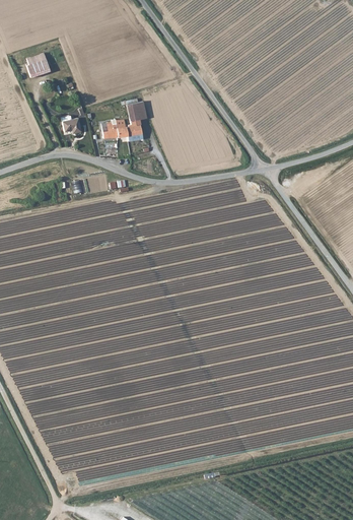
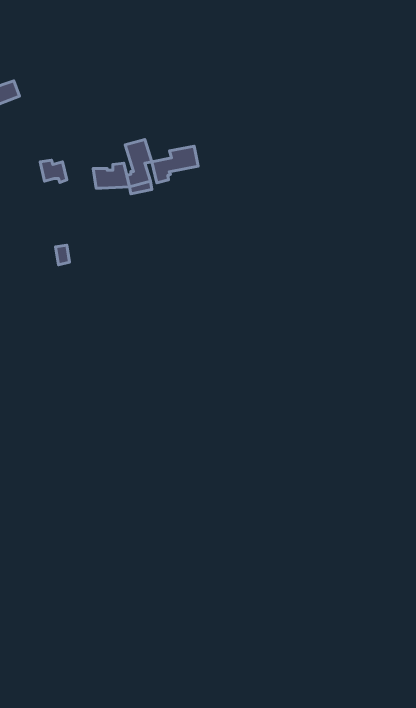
building: none -> [152,146,198,183]

